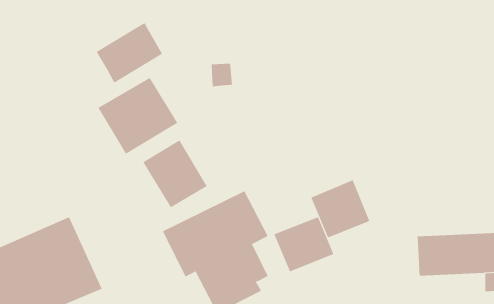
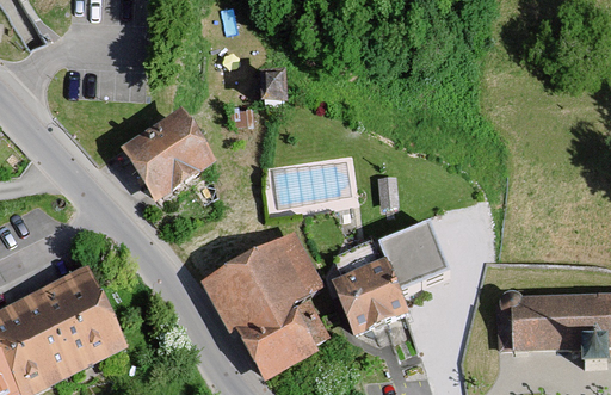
building: [96,22,163,84] -> none
building: [142,140,207,208] -> none

